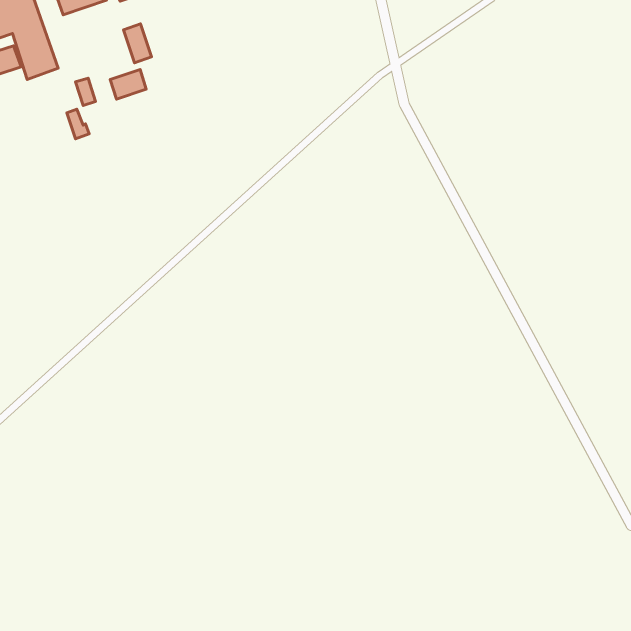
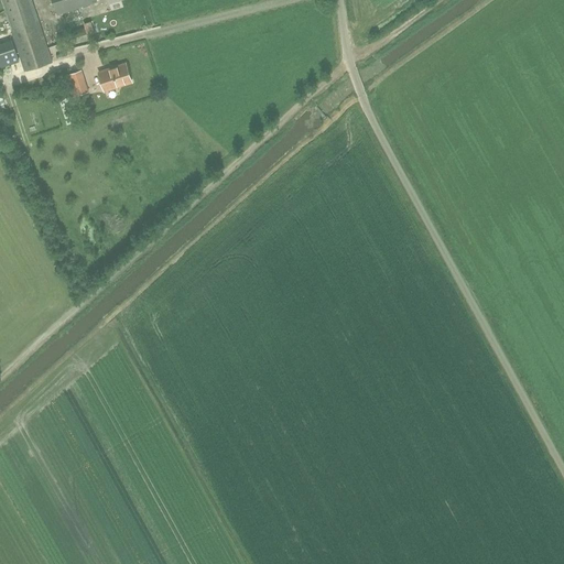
building: [124,24,151,63] -> none

